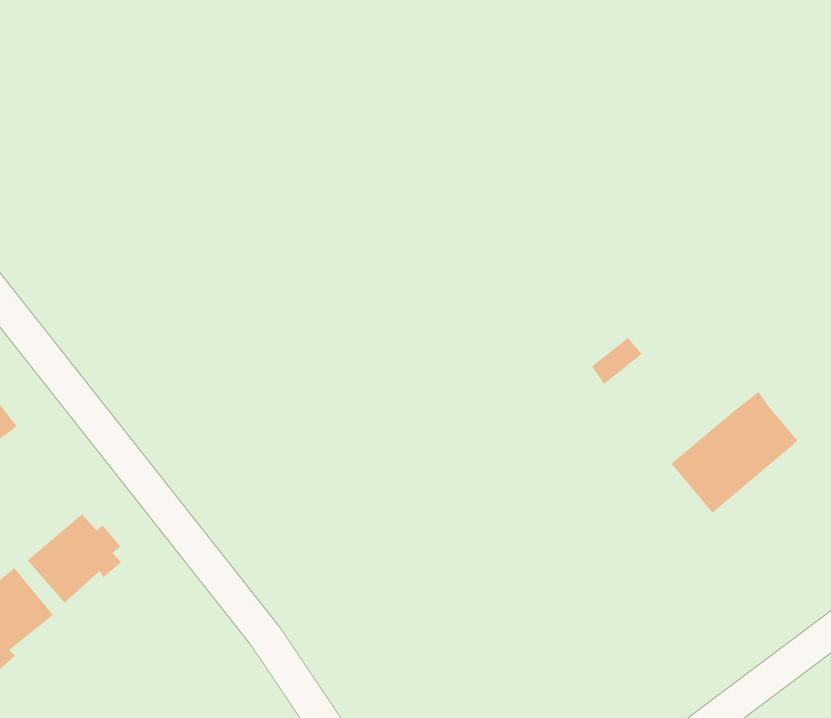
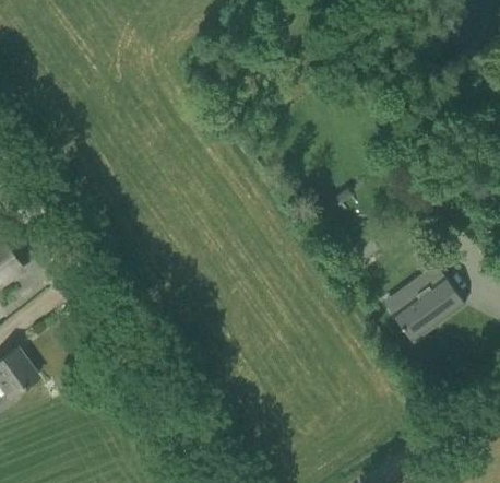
building: [27,513,122,604] -> none

